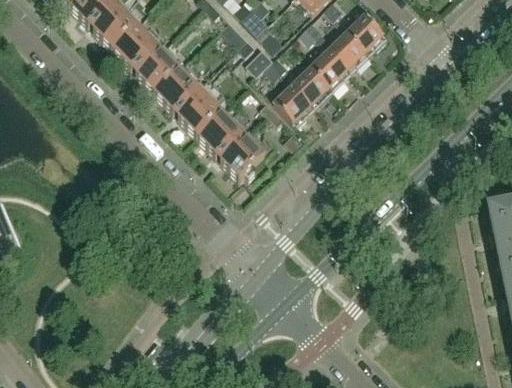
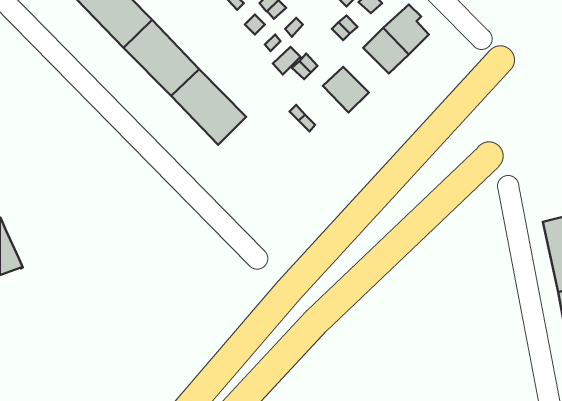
building: [308,48,349,88] -> none
building: [272,82,313,124] -> none
building: [196,110,264,179] -> none

